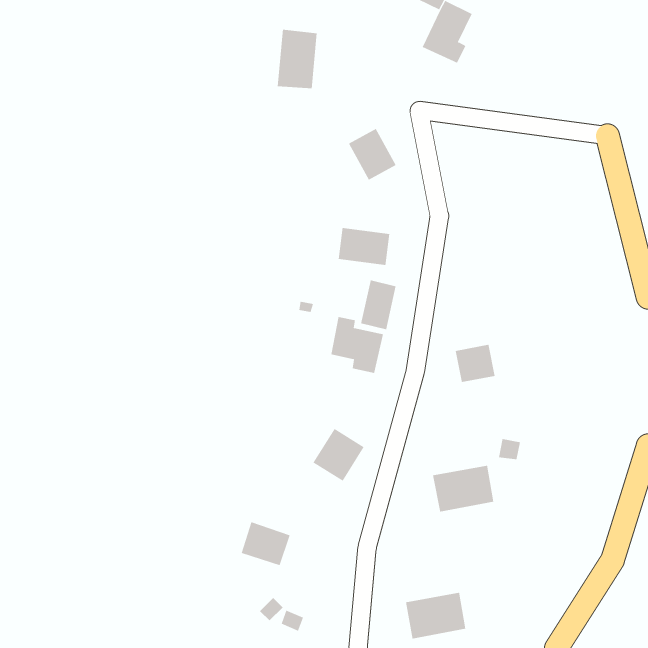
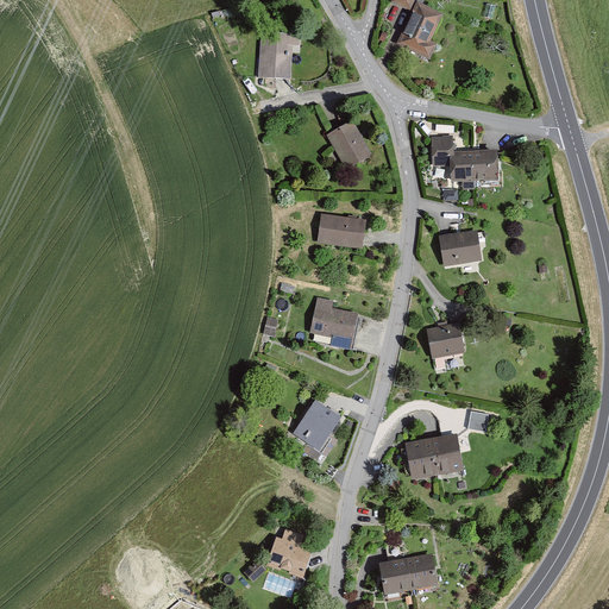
building: none -> [431,136,497,181]
building: none -> [438,228,481,265]
building: [361,280,396,330] -> none
building: [241,521,290,566] -> [265,535,312,577]

